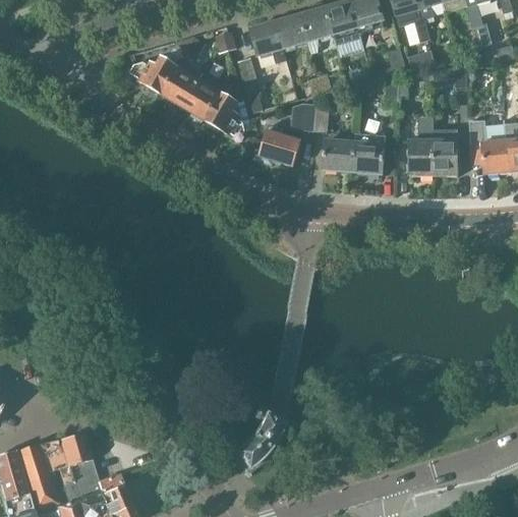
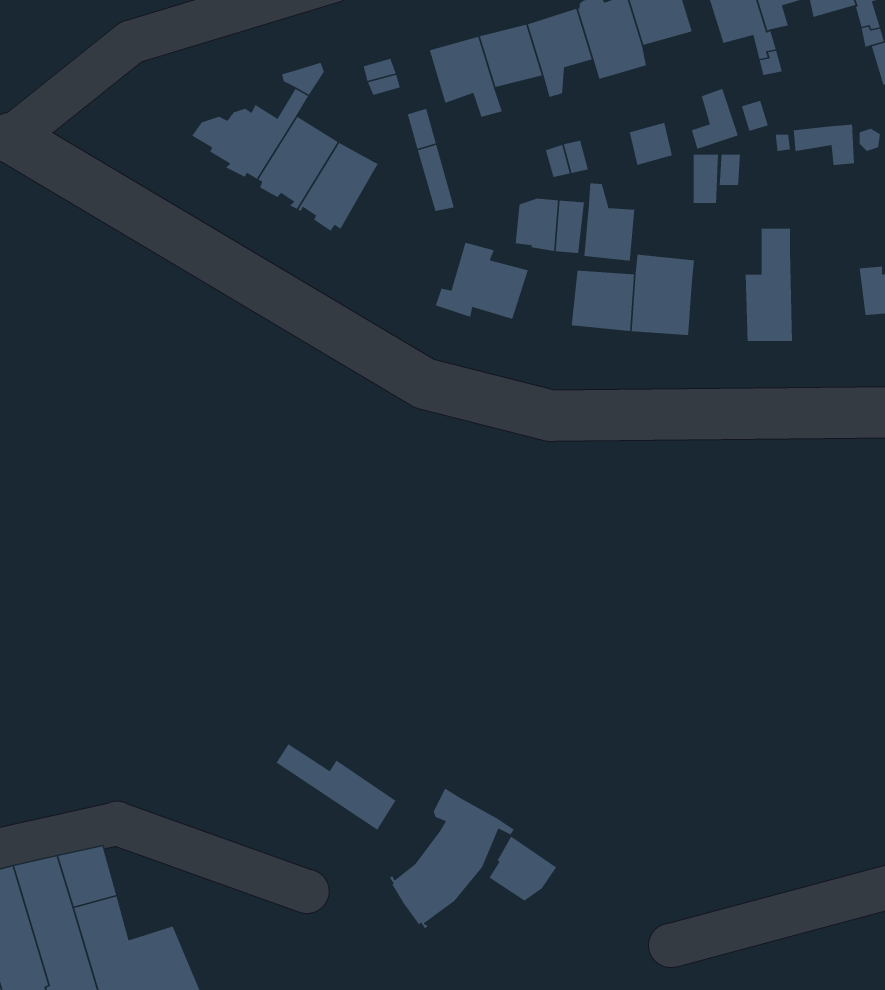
building: [205,91,250,137] -> none
building: none -> [583,183,635,261]
building: [434,130,458,176] -> none
building: none -> [276,743,397,831]
building: none -> [488,835,557,901]

